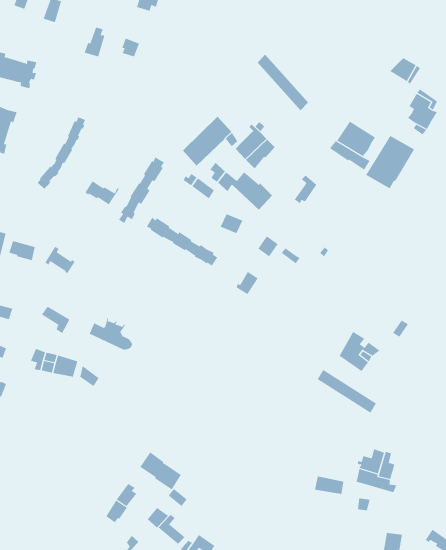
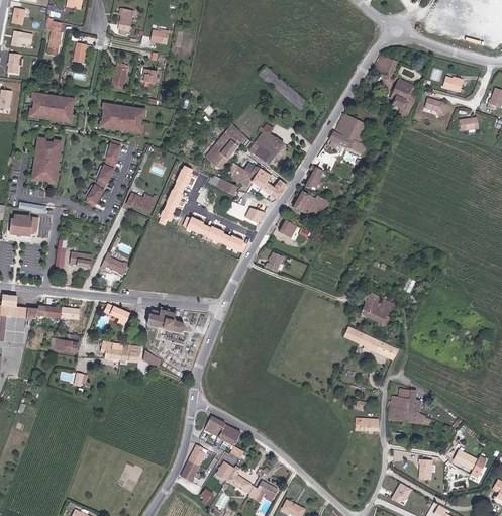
building: none -> [103,103,143,132]
building: [365,135,415,189] -> none
building: none -> [293,190,330,217]

